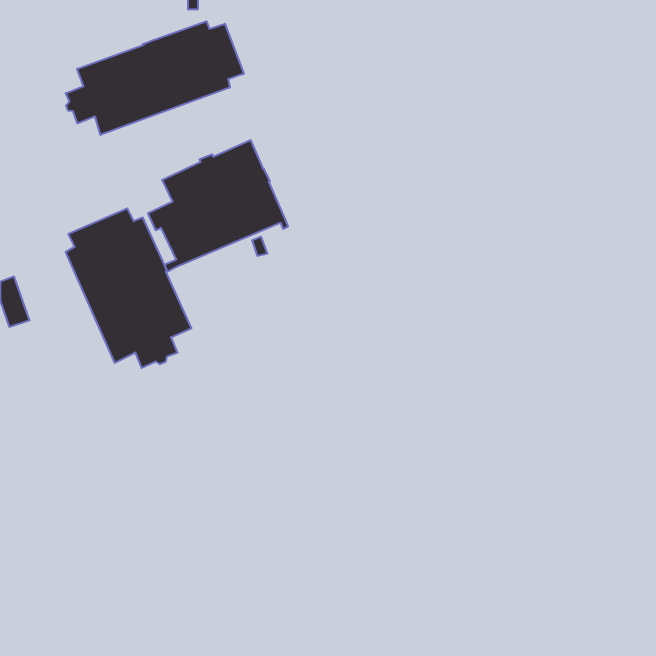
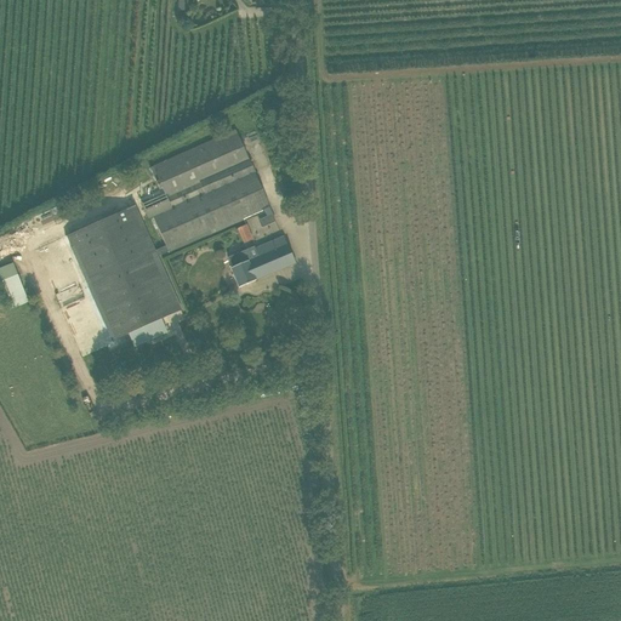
building: [66,21,244,135] -> none
building: none -> [229,237,296,286]

